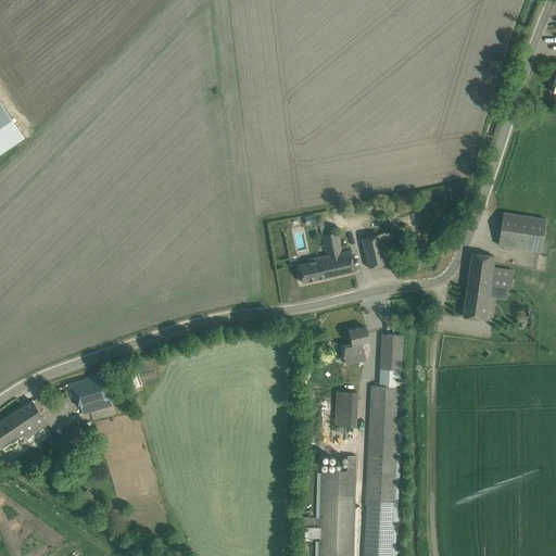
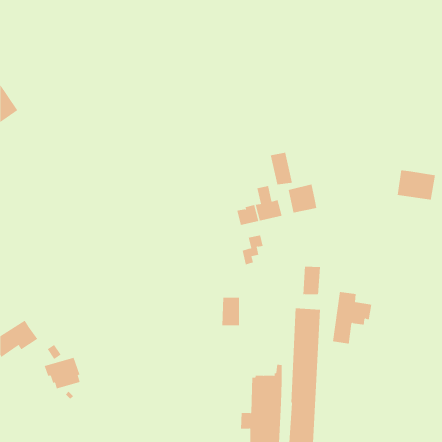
building: none -> [270,152,293,185]
building: [463,254,513,320] -> [332,291,372,344]
building: [341,328,368,366] -> [242,235,264,265]
building: [66,375,112,415] -> [44,357,80,389]
building: [333,392,356,428] -> [222,297,240,326]

